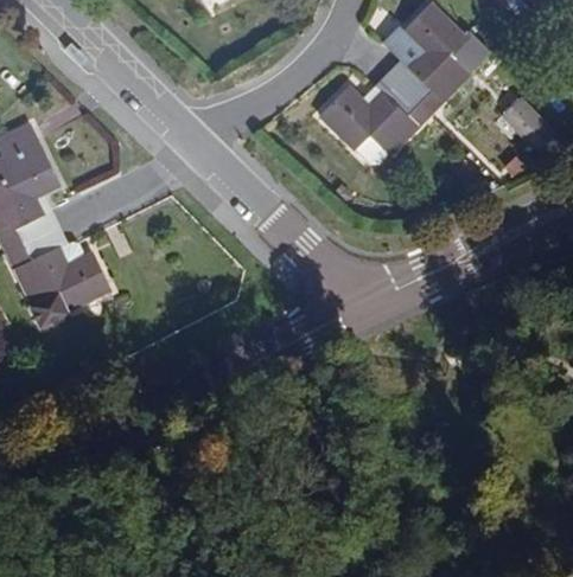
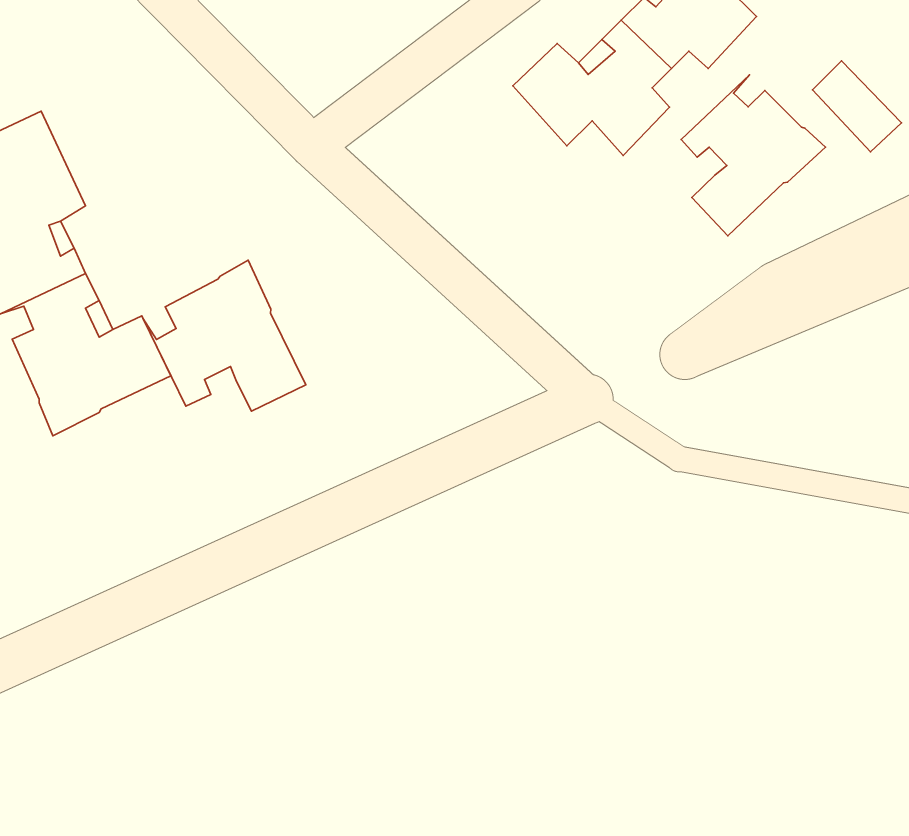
building: none -> [681,75,825,236]
building: none -> [143,260,306,411]

